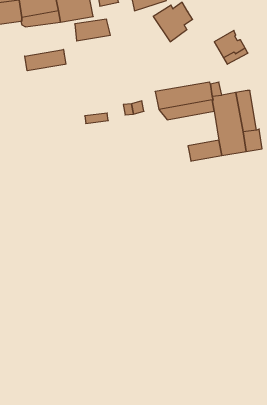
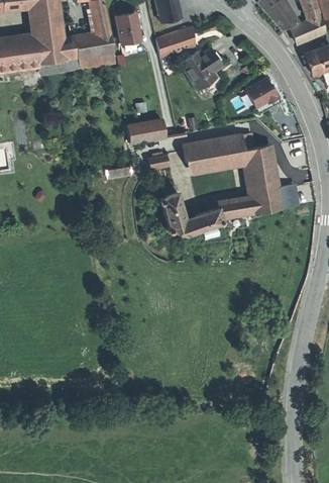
building: [75,19,110,41] -> [126,120,164,143]
building: [25,49,66,71] -> none
building: none -> [158,192,223,238]

